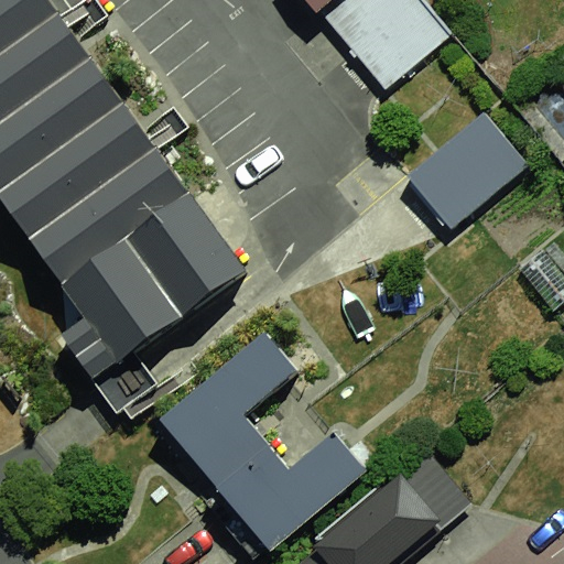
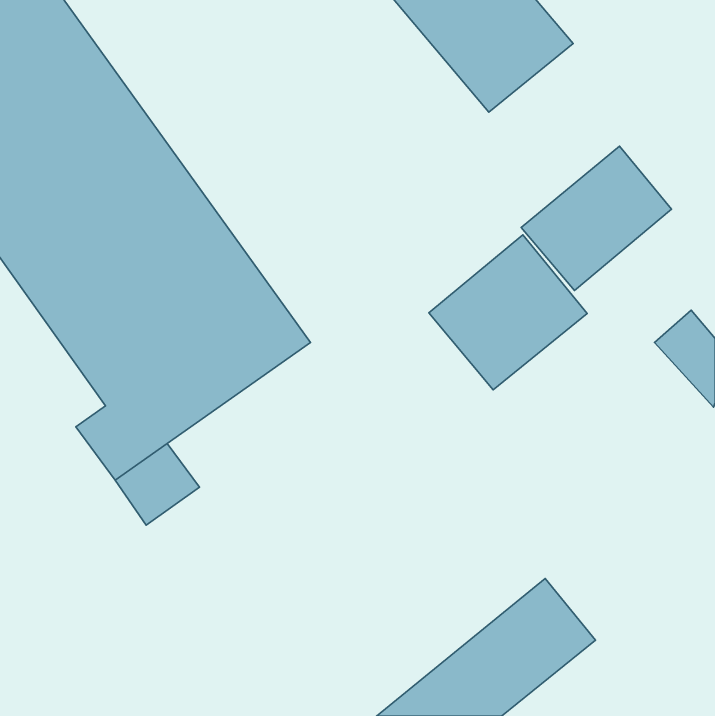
building: none -> [429,235,587,390]
building: [158,332,365,549] -> none

